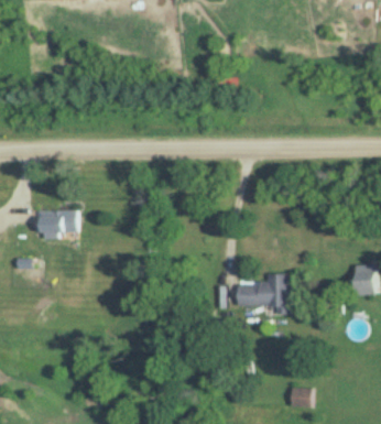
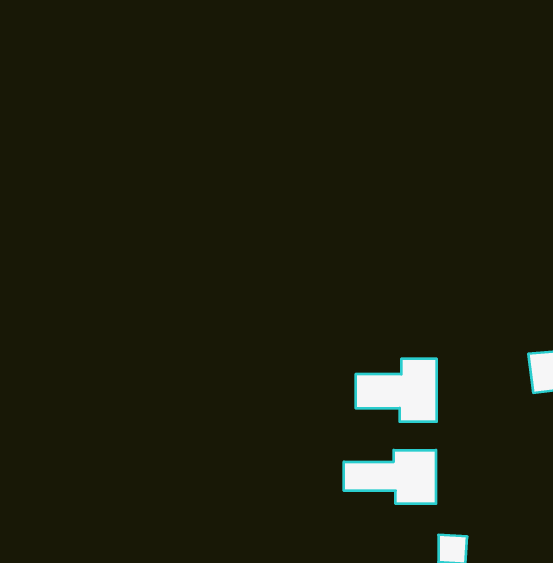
building: [35,209,79,237] -> none
building: none -> [344,450,436,504]

